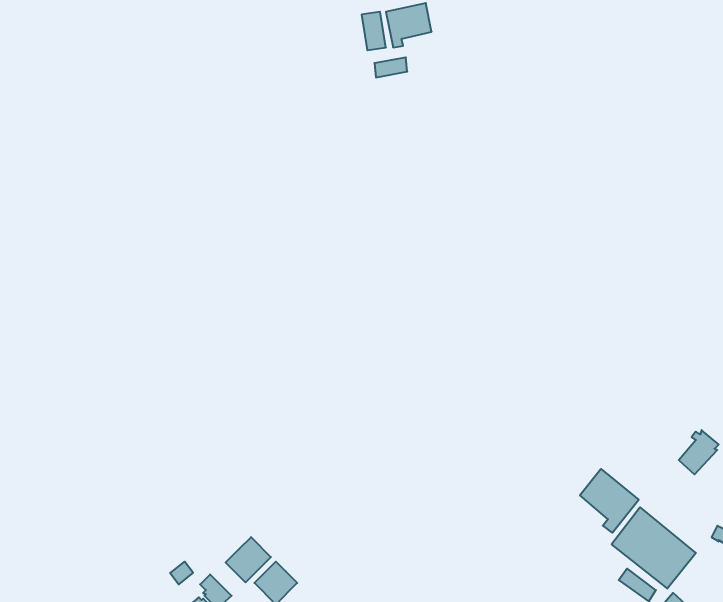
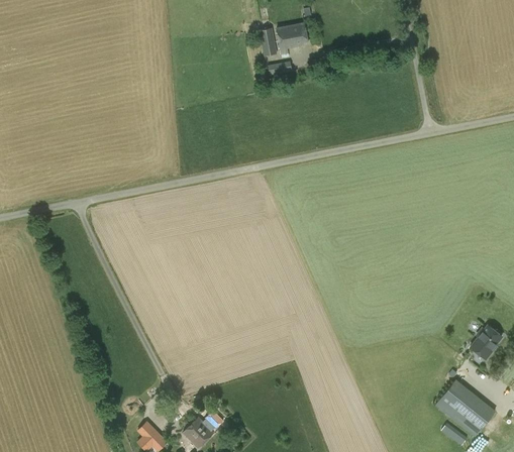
building: [580,469,639,533] -> none
building: [226,537,271,582] -> none

